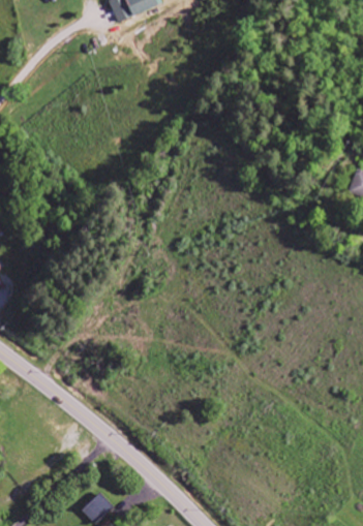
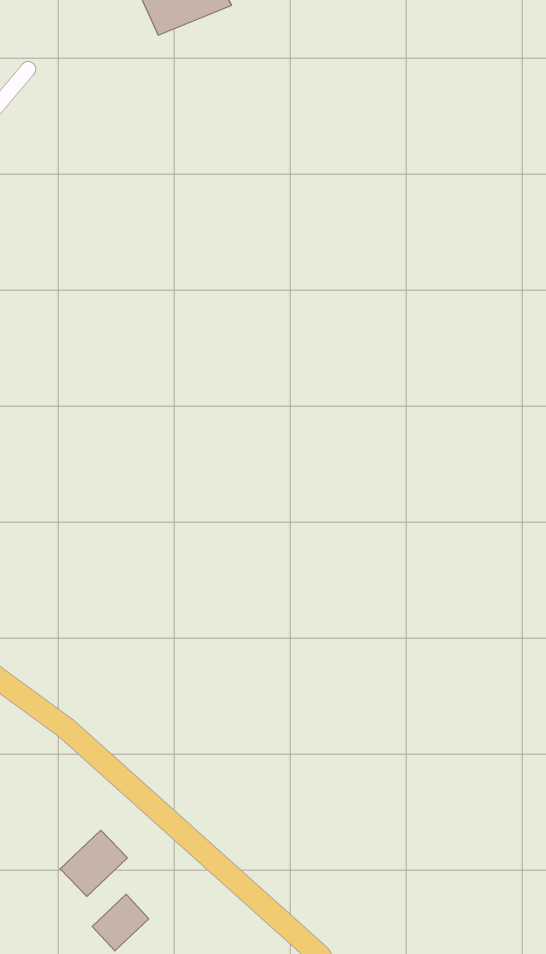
building: none -> [60,830,127,896]

